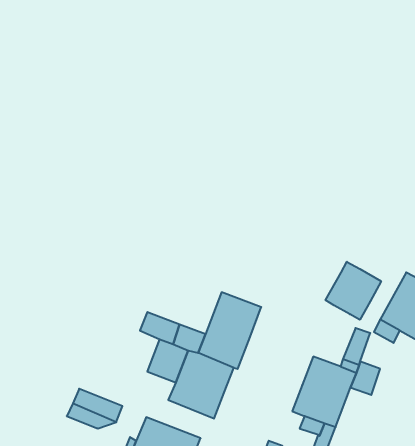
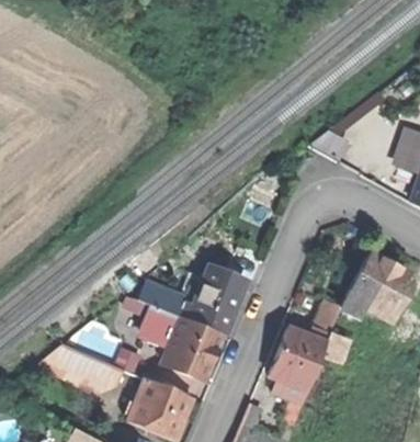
building: [326,262,381,320] -> none

